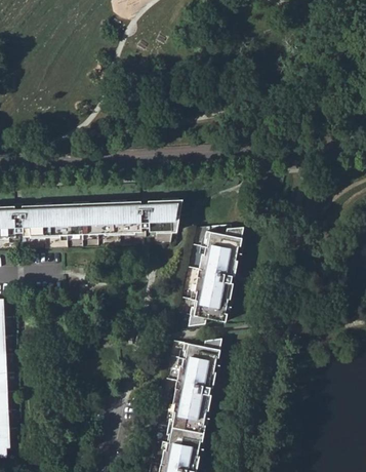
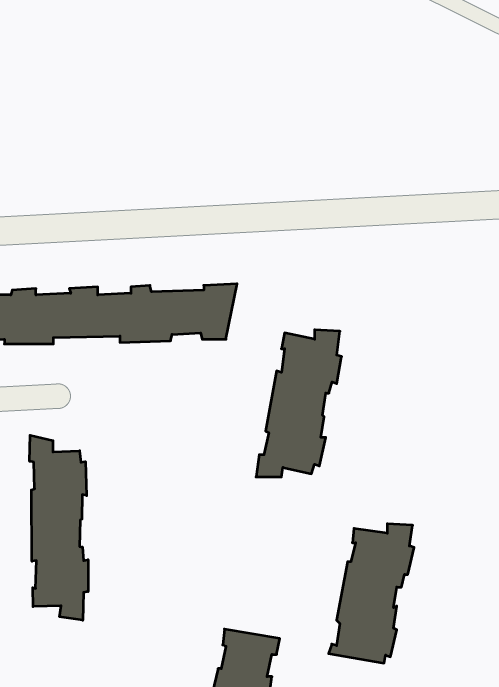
building: none -> [30,435,88,620]
building: [167,340,222,430] -> [329,524,414,663]

